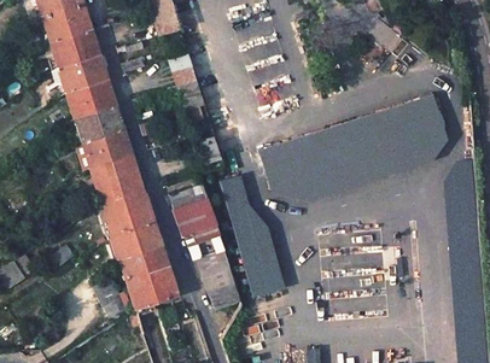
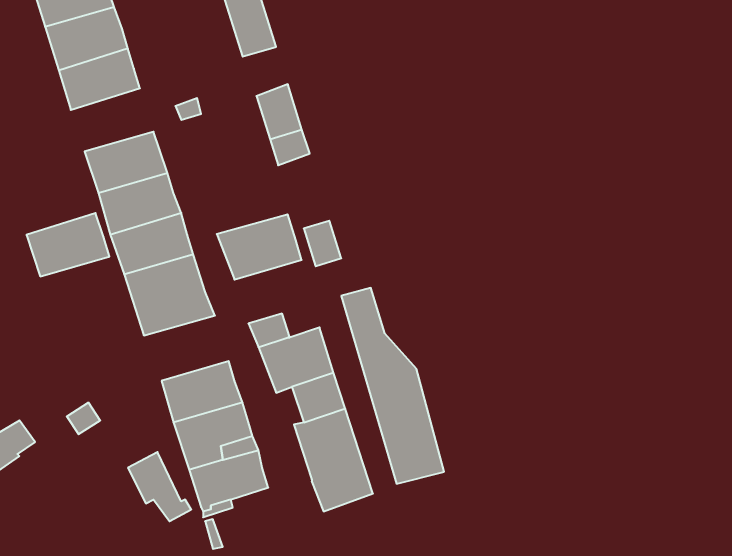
building: [57,55,107,94] -> [26,213,109,276]
building: [262,96,449,198] -> none
building: [101,194,153,234] -> [217,214,302,280]

